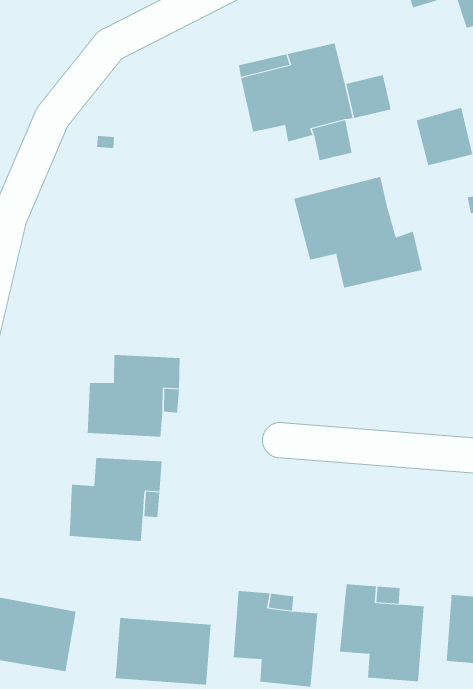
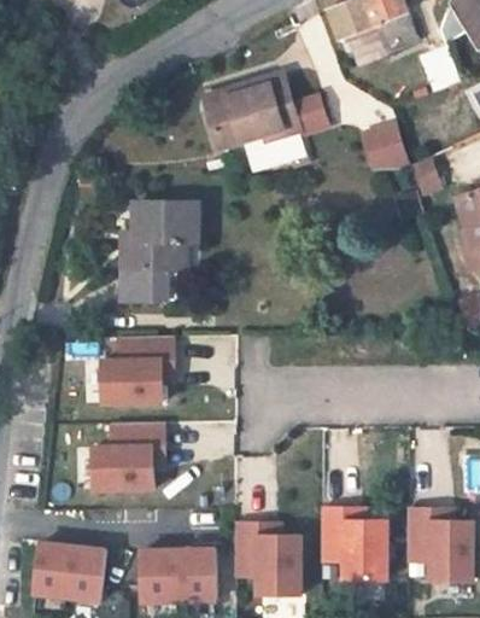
building: [293,176,422,289] -> none
building: none -> [121,202,200,301]

